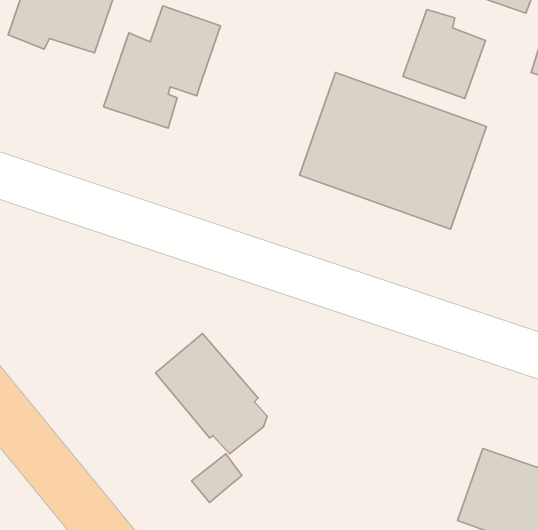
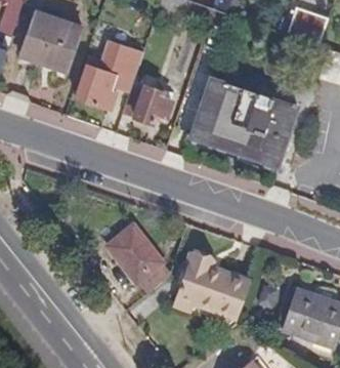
building: [403,10,486,98] -> none
building: none -> [122,83,170,122]
building: none -> [173,258,248,319]

